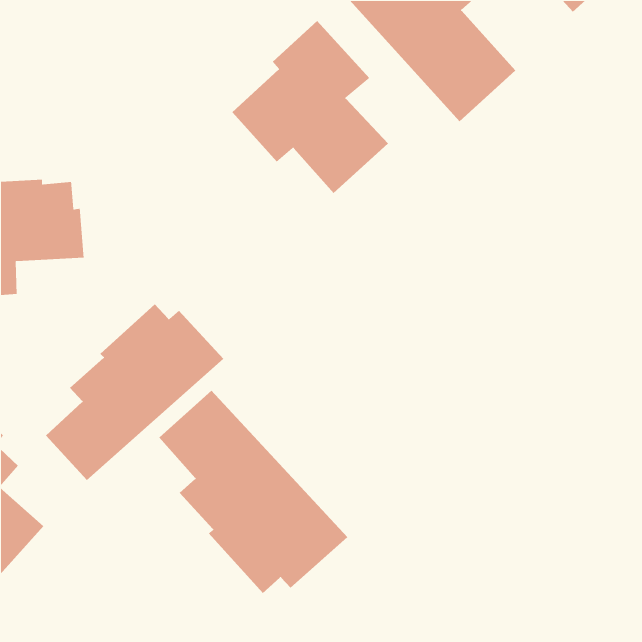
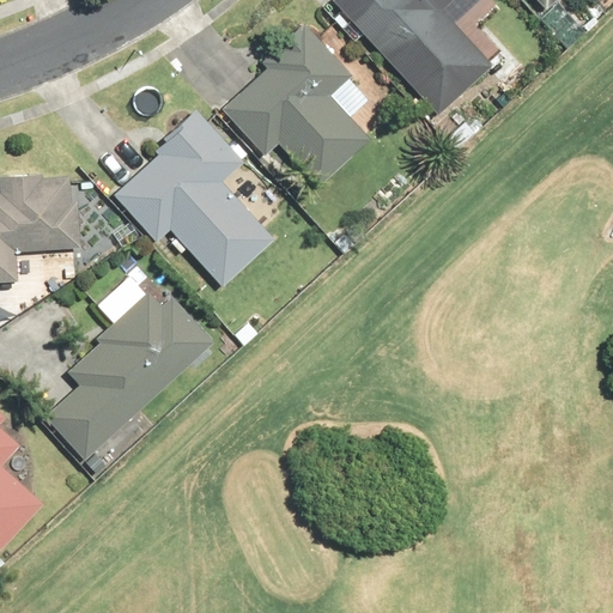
building: none -> [114,108,275,286]
building: [159,390,348,594] -> none

